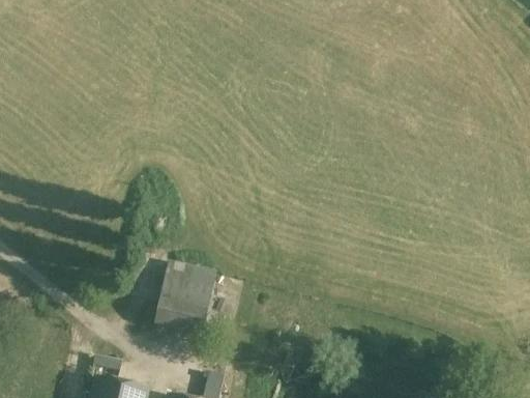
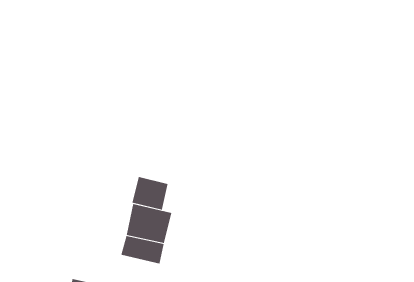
building: none -> [132,176,168,210]

